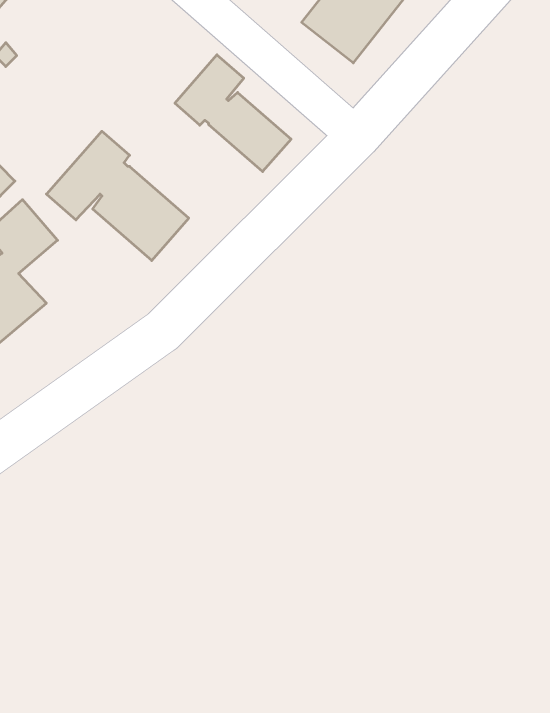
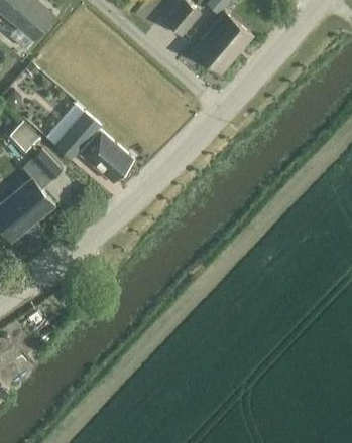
building: [175,55,291,172] -> none

